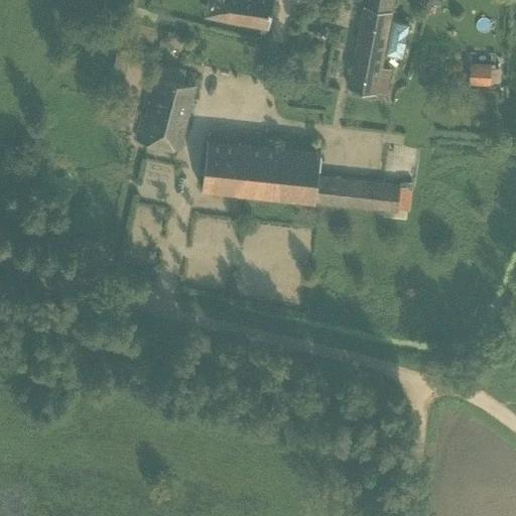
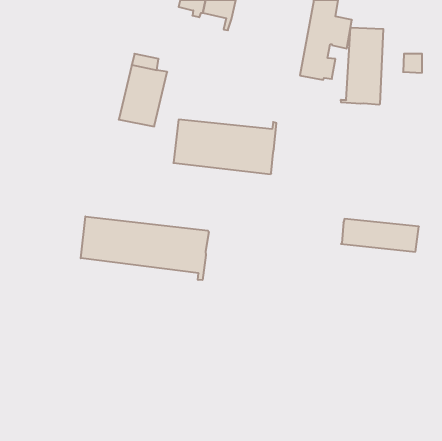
building: none -> [341,28,383,105]
building: [315,175,406,214] -> [341,219,419,252]
building: none -> [81,216,209,280]

